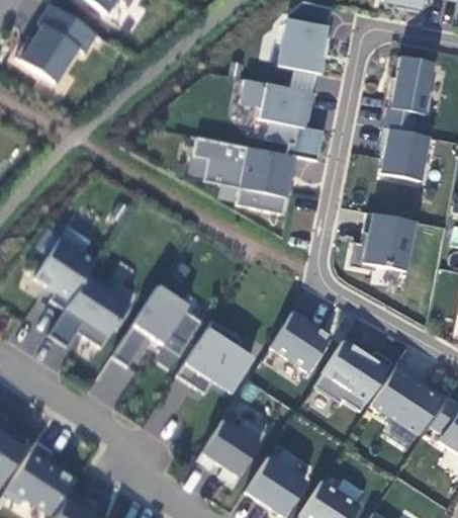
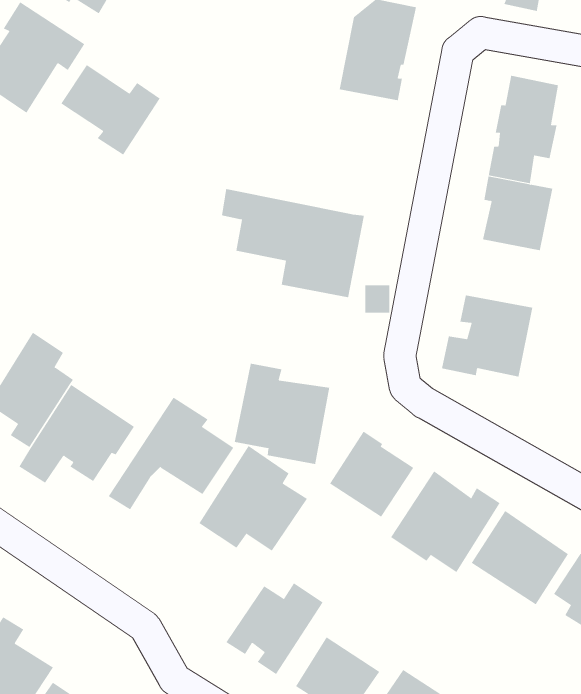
building: none -> [61,64,160,155]
building: [241,79,325,161] -> none
building: none -> [234,363,330,465]

